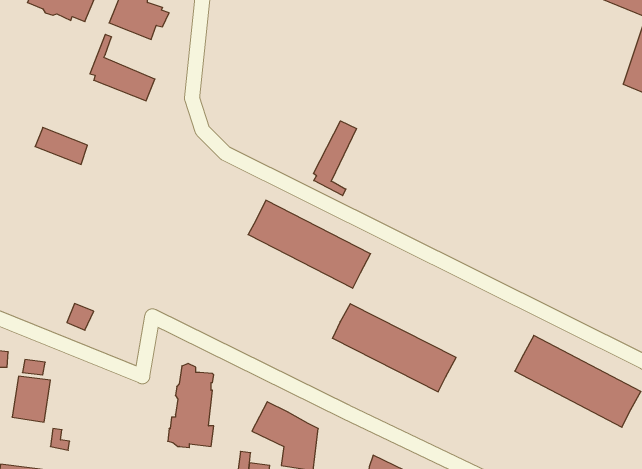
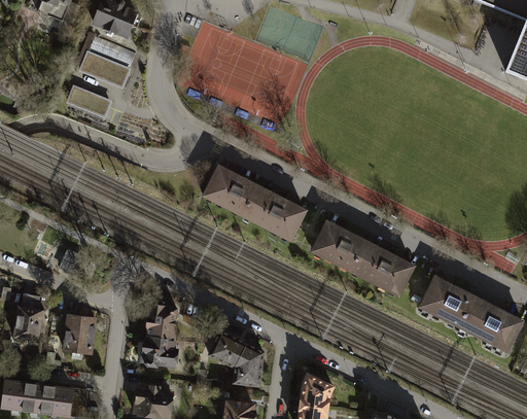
building: none -> [90,35,135,66]
building: [313,121,357,196] -> none
building: [35,127,87,164] -> [68,86,110,116]
building: [332,304,456,392] -> [313,222,413,293]
building: none -> [64,315,95,352]

